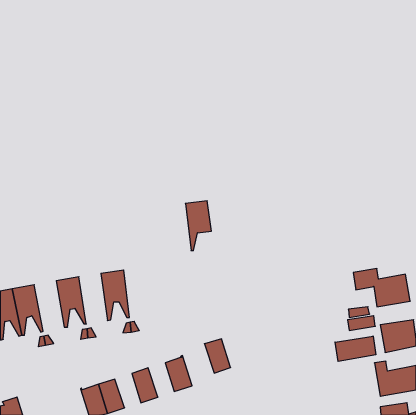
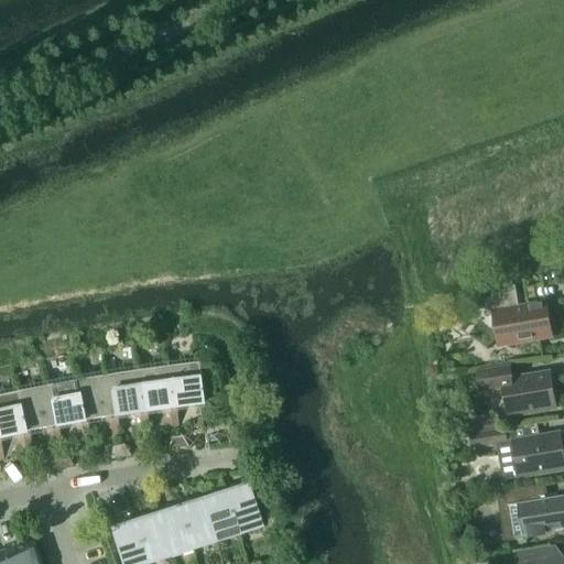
building: [185,201,211,251] -> [167,362,203,430]
building: none -> [486,285,552,345]
building: none -> [107,370,145,438]
building: none -> [46,380,87,448]
building: [335,336,376,361] -> none
building: [204,339,231,373] -> [200,491,236,538]
building: none -> [155,506,191,552]

